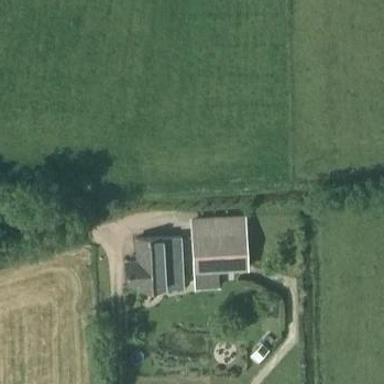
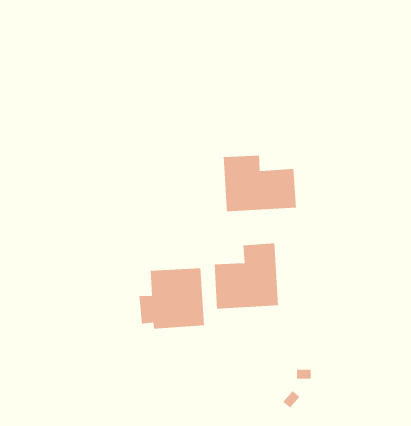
building: none -> [223,155,296,212]

